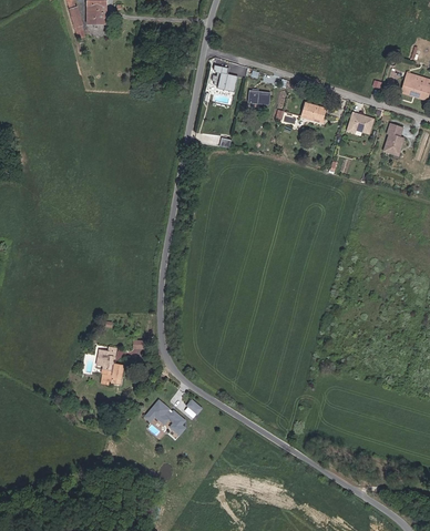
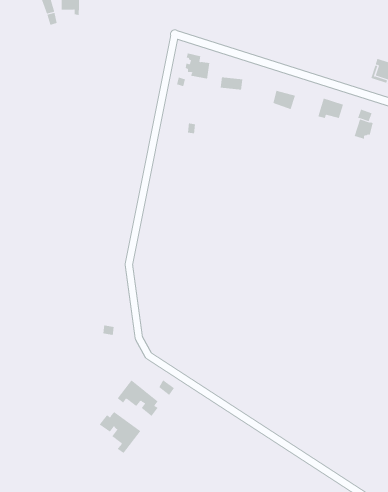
building: [96,347,123,386] -> none
building: none -> [99,411,141,454]

